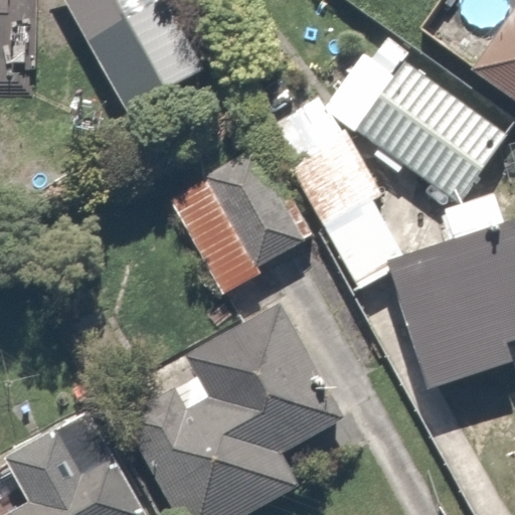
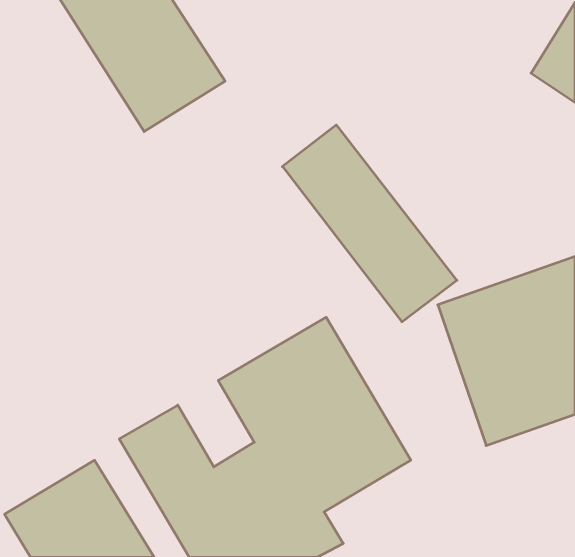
building: [349,68,505,214] -> none
building: [162,152,305,296] -> none

